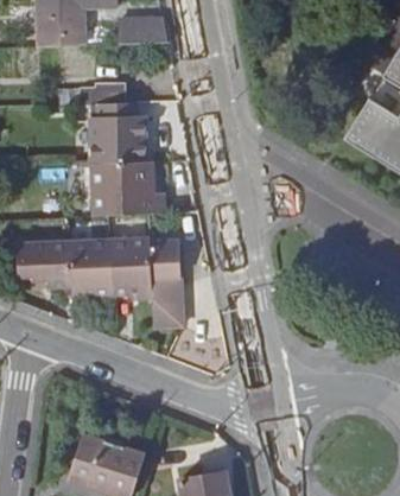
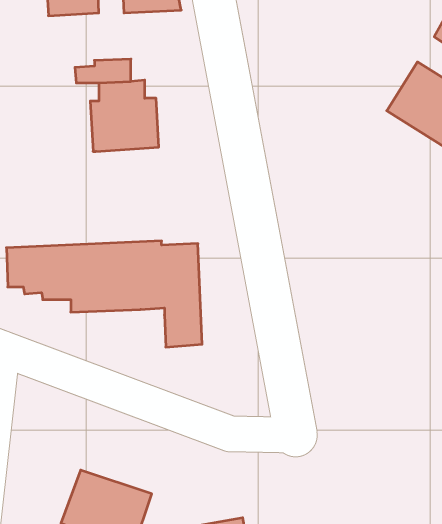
building: [96,158,169,216] -> none

